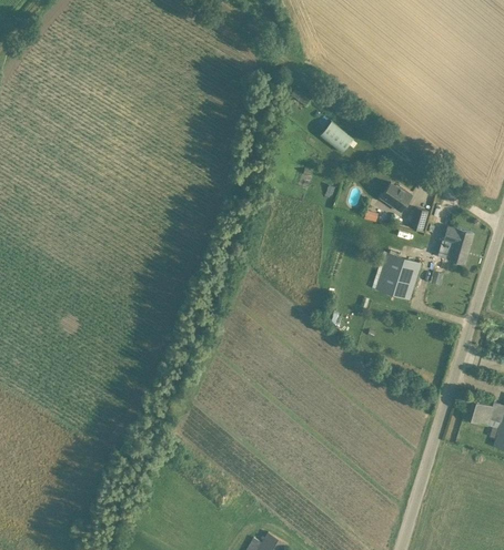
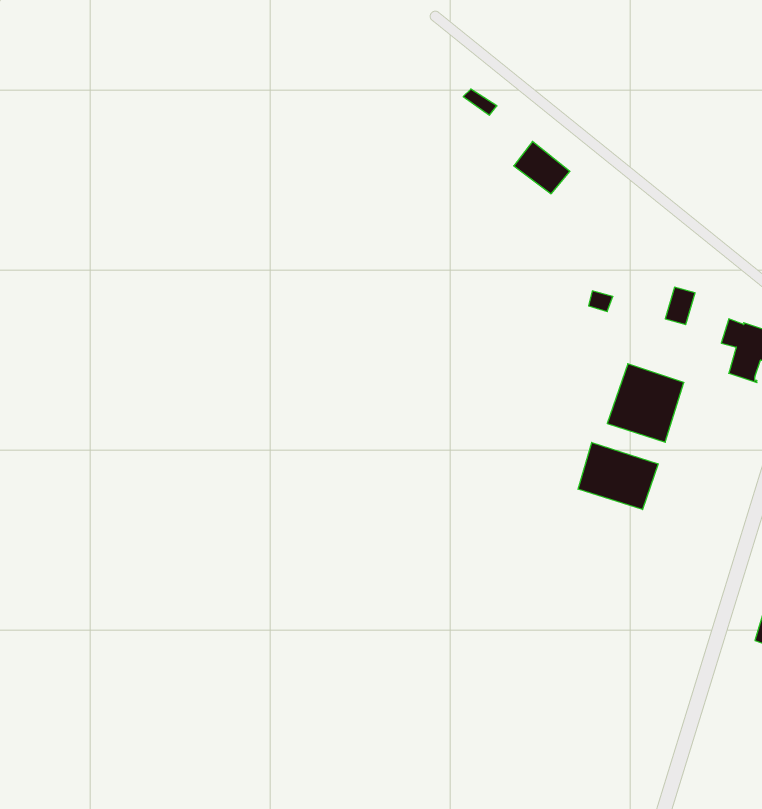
building: [381,184,412,212] -> none
building: none -> [578,442,658,510]

